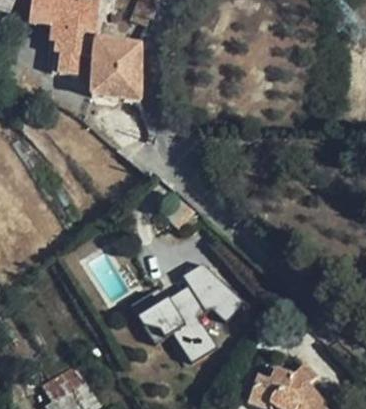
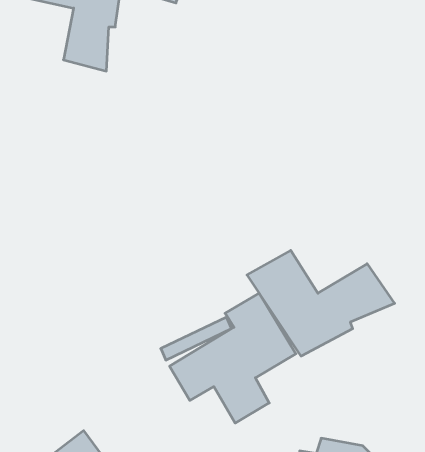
building: [91,44,140,98] -> none
building: none -> [247,250,395,356]

